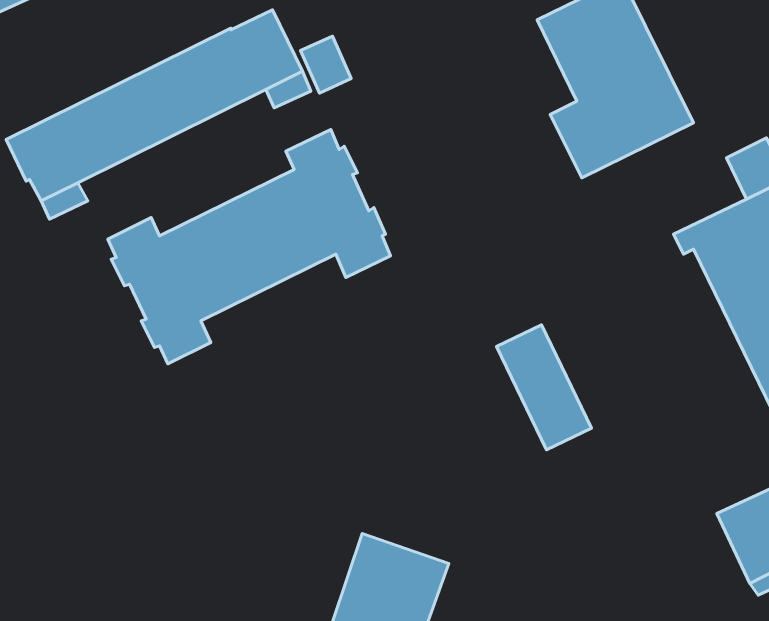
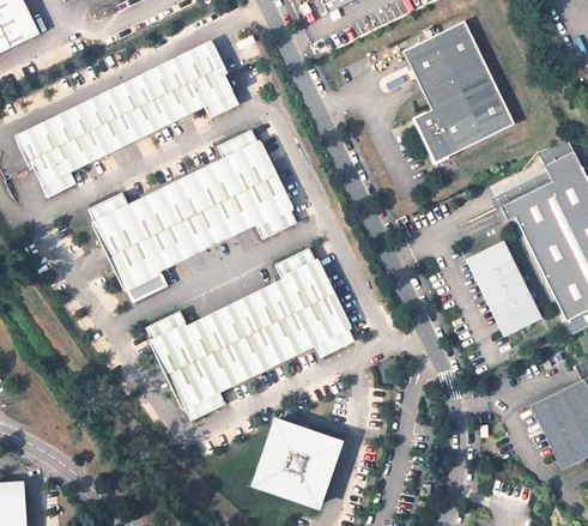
building: [301,36,351,93] -> none
building: none -> [148,248,354,416]
building: [497,325,591,450] -> [469,242,538,332]

